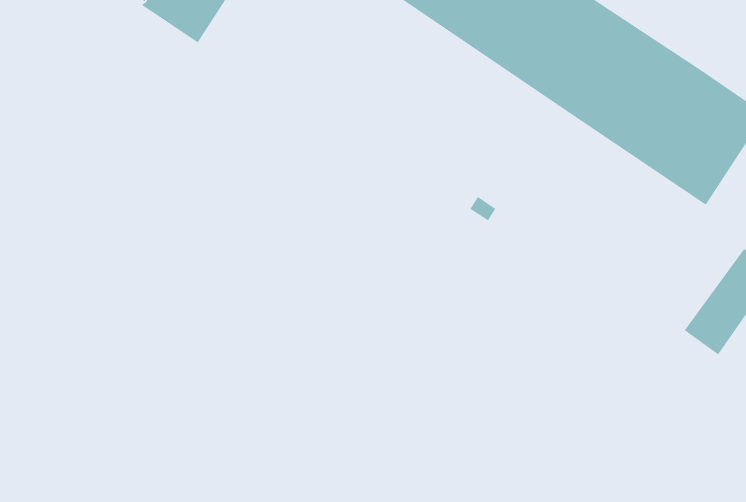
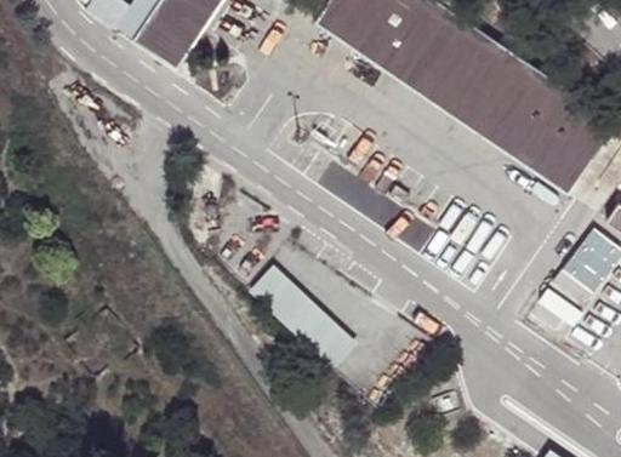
building: none -> [247,261,354,369]

